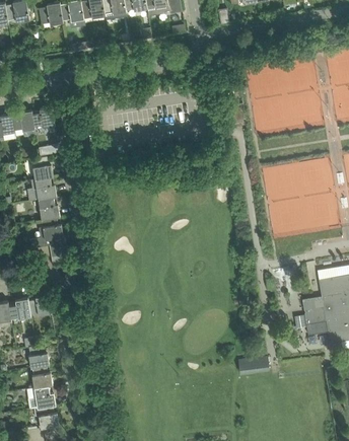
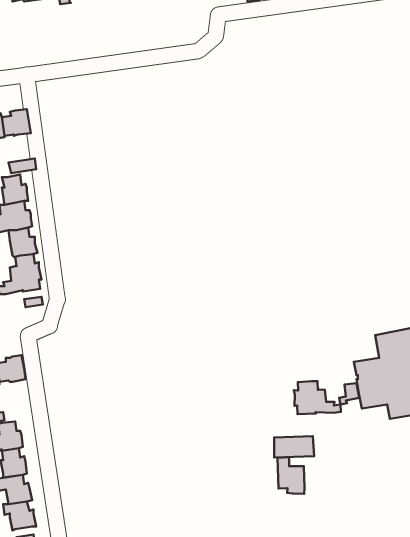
building: none -> [294,381,341,414]
building: none -> [277,457,305,494]

